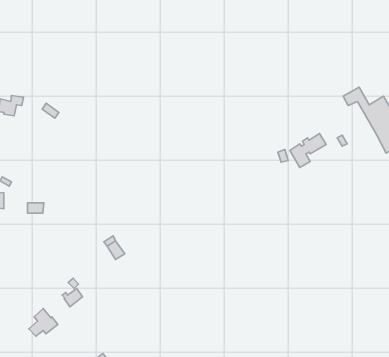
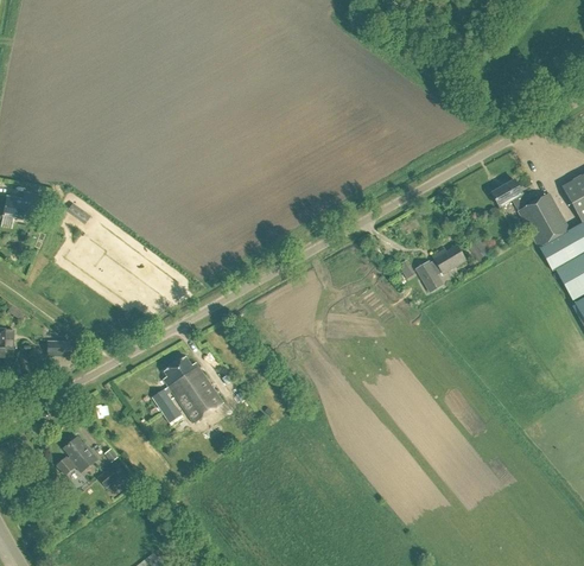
building: none -> [161,356,221,421]
building: [29,308,58,336] -> [56,435,96,475]

